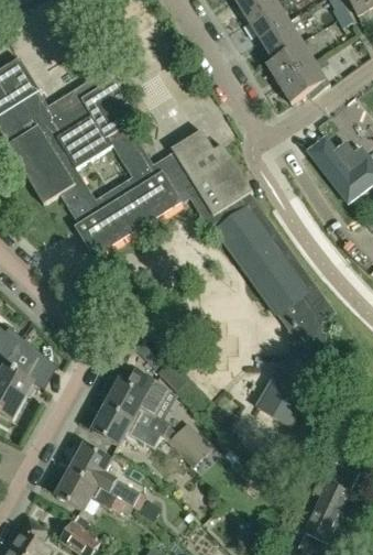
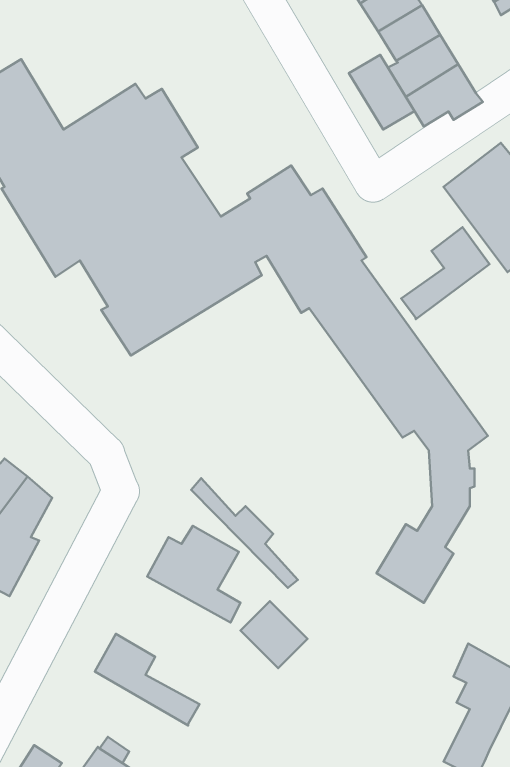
building: none -> [349,55,414,129]
building: none -> [401,227,490,319]
building: [90,405,163,448] -> none
building: [55,469,132,513] -> none

